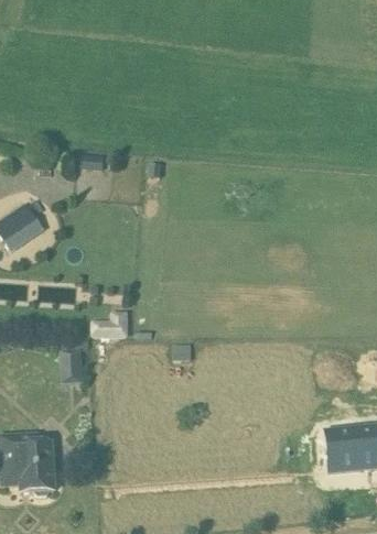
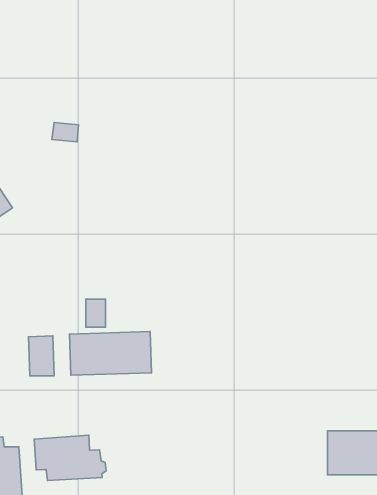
building: none -> [70,332,151,375]
building: none -> [34,435,106,481]

